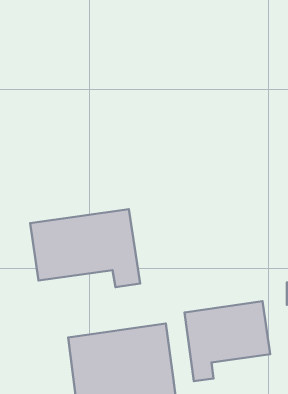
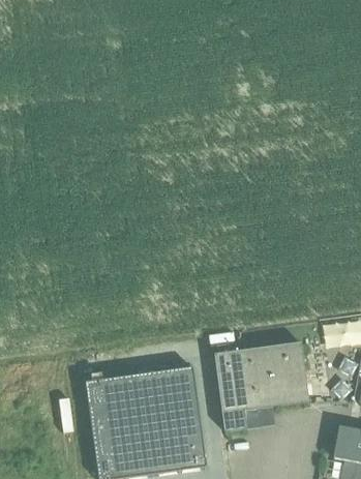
building: [30,209,140,287] -> none

